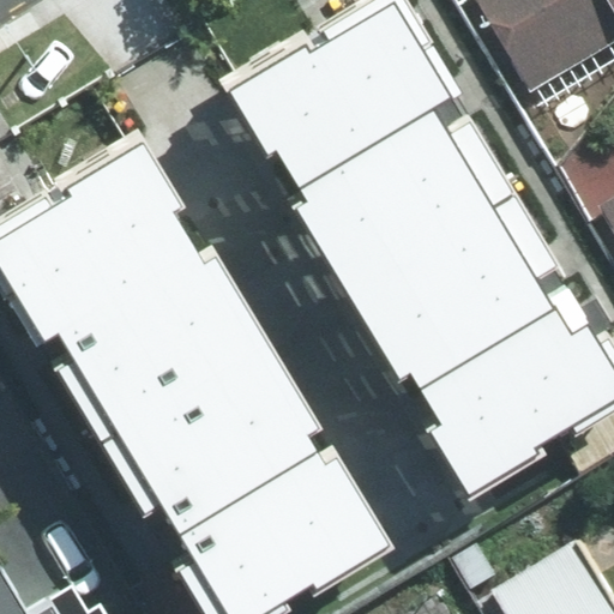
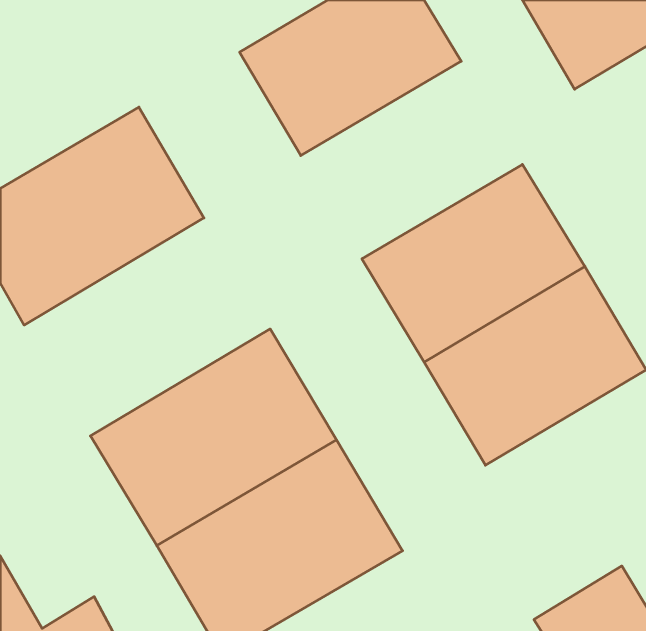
building: [288,77,496,263] -> none
building: [28,224,259,429] -> none

